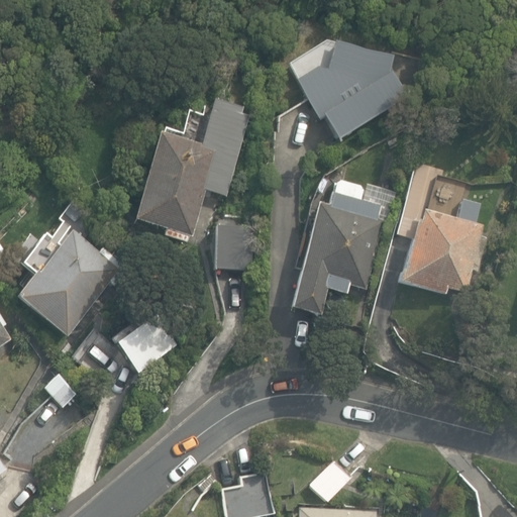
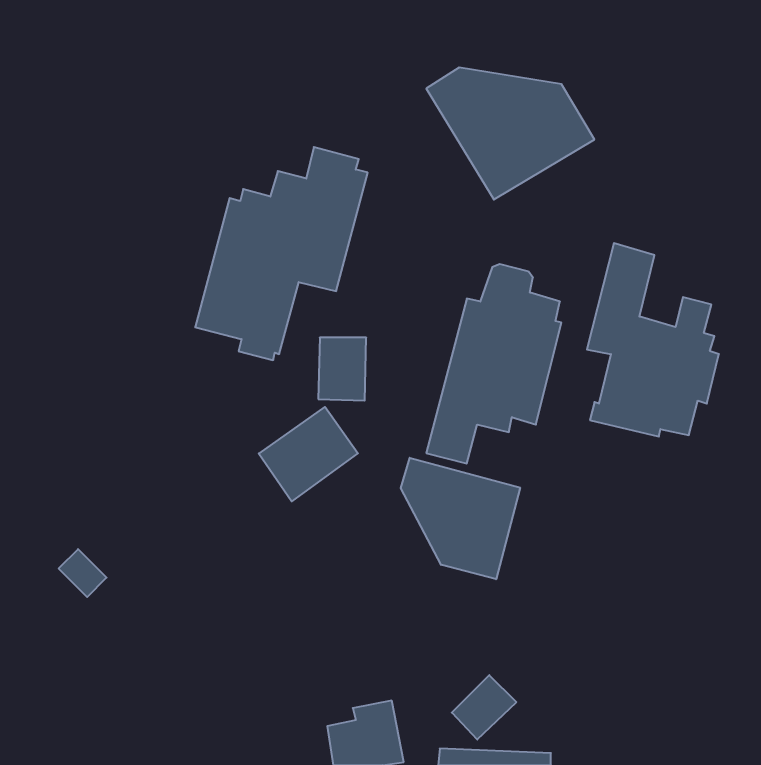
building: [19,232,120,335] -> none
building: [115,308,182,372] -> [259,407,358,501]
building: none -> [401,458,520,579]

